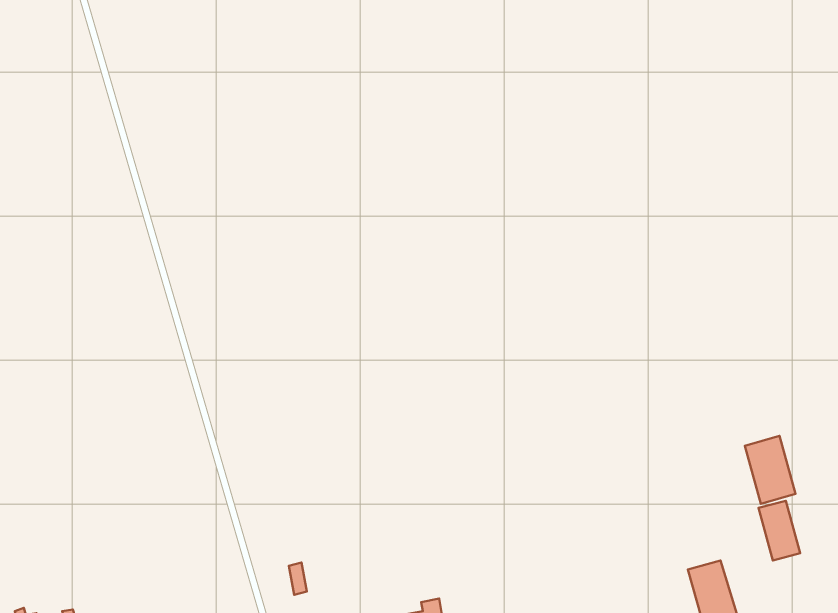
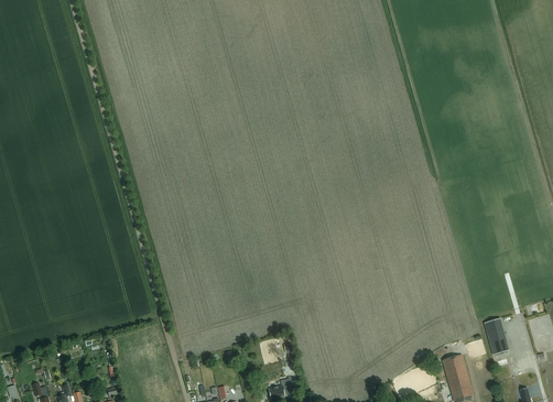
building: [745,436,796,504] -> none

